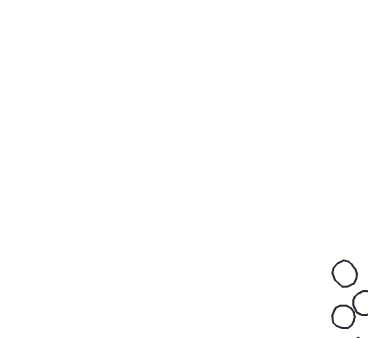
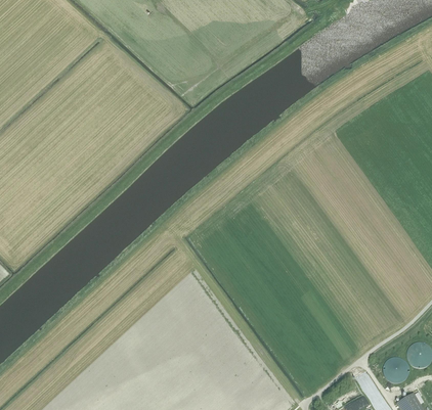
building: [333,260,357,287] -> none

